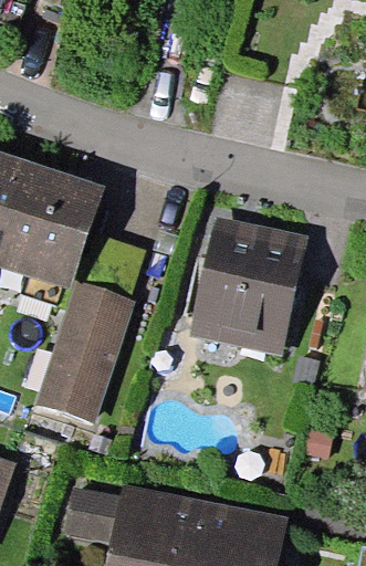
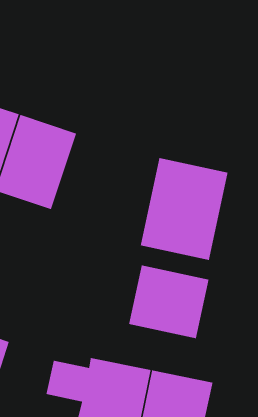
building: [34,282,134,424] -> none
building: none -> [128,264,210,339]

